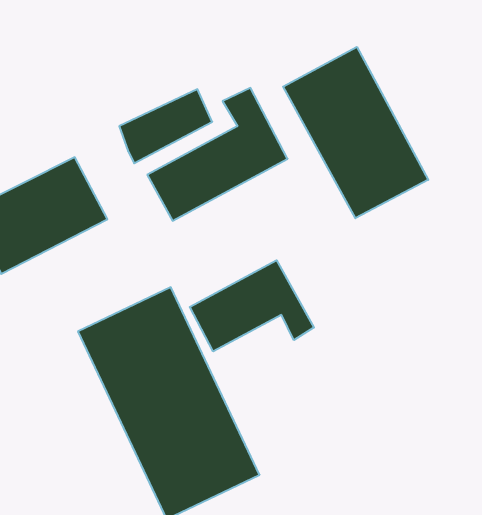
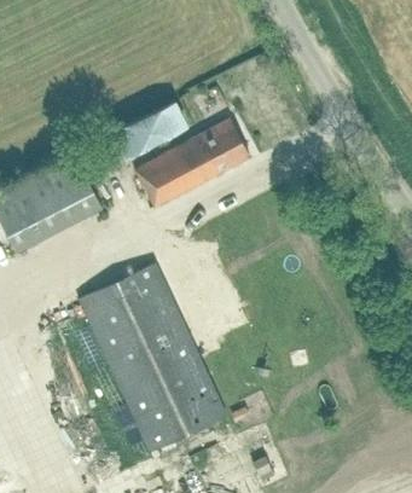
building: [283,47,428,218] -> none
building: [190,260,314,351] -> none

